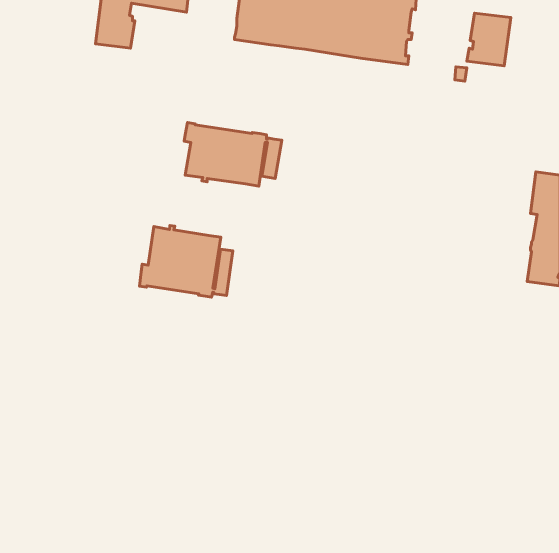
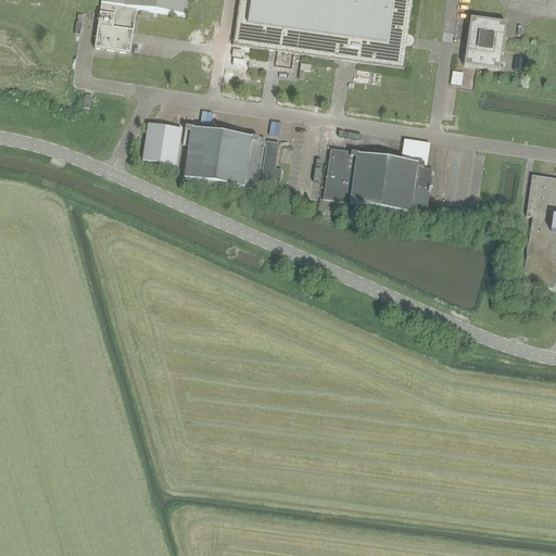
building: none -> [143,119,182,161]
building: none -> [324,144,433,208]
building: [139,226,233,297] -> none

